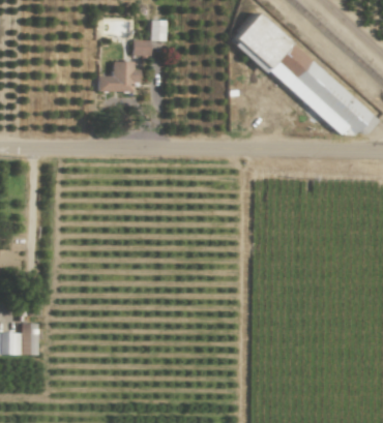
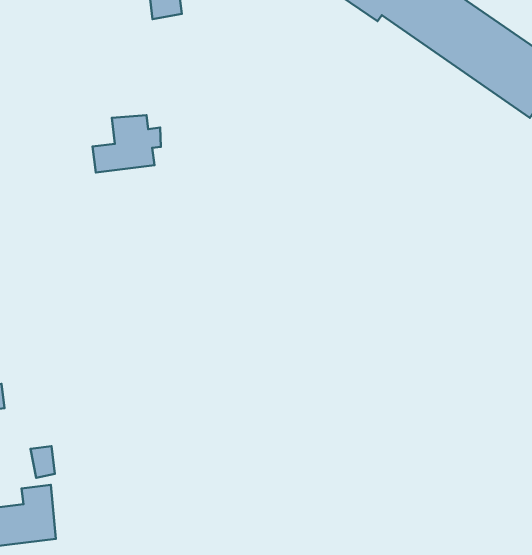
building: [98,60,140,91] -> [93,115,161,173]

